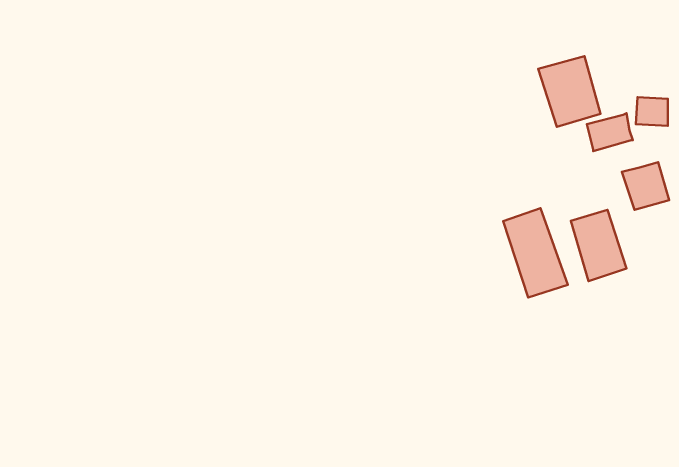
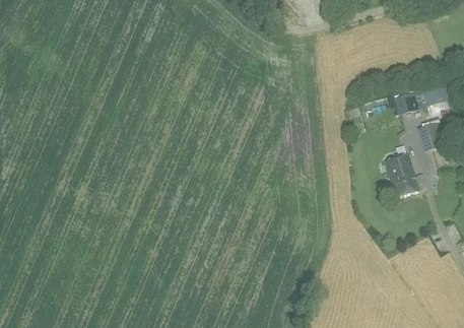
building: [538,56,601,127] -> none
building: [503,208,568,297] -> none

